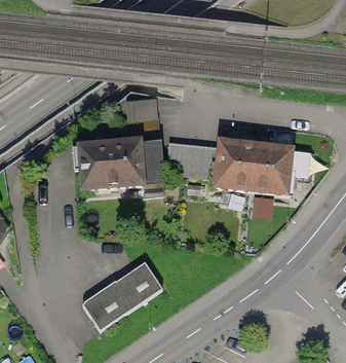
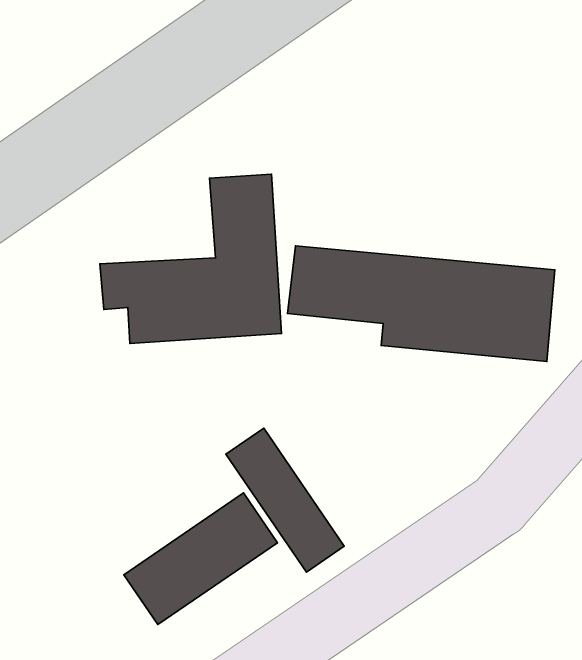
building: none -> [226,428,344,572]

